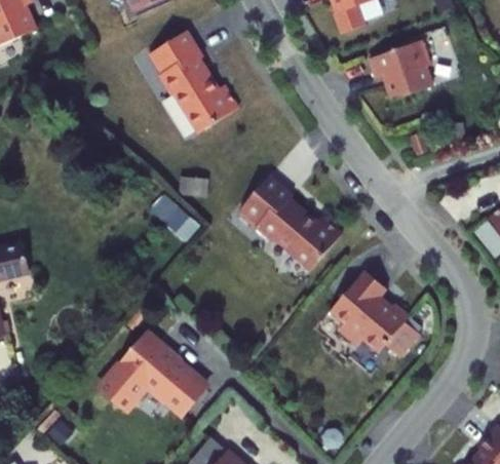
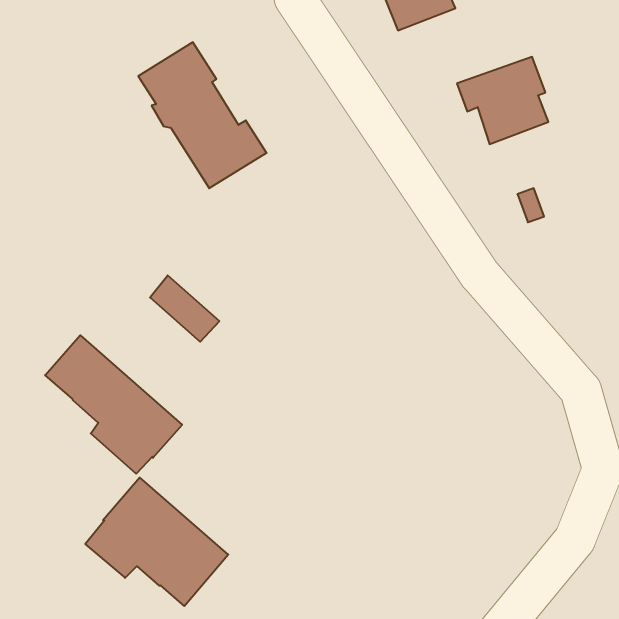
building: [240,175,342,269] -> none
building: none -> [45,335,182,474]
building: [331,269,422,355] -> none

